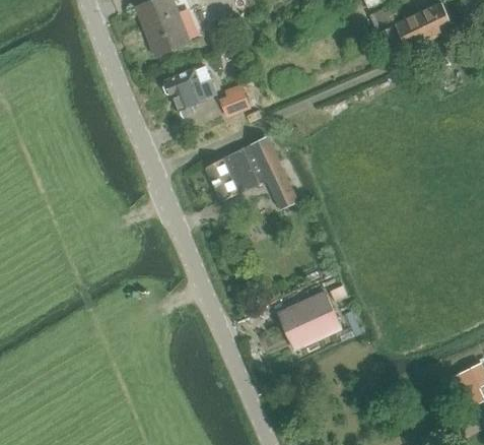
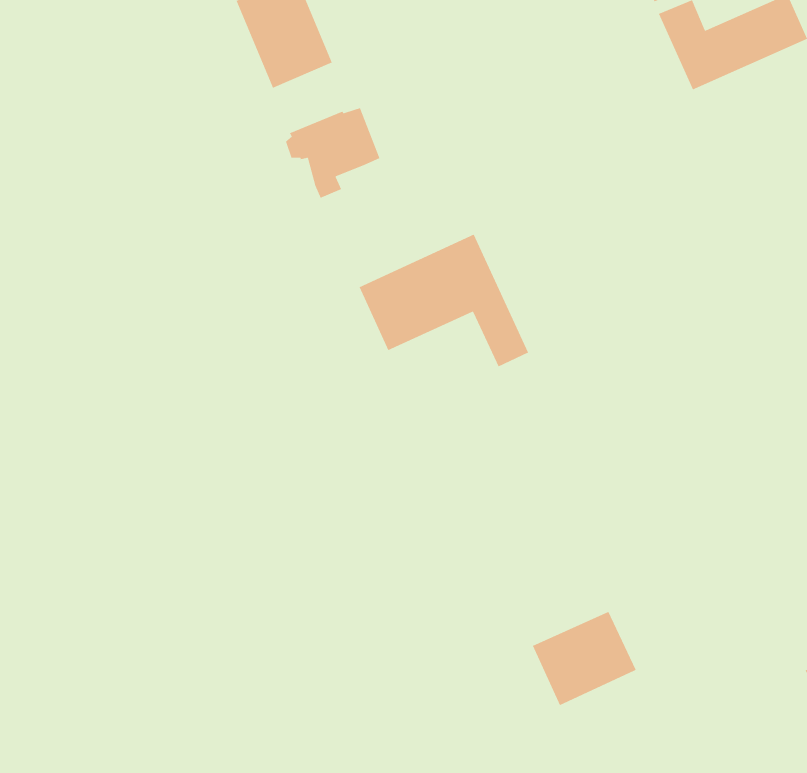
building: [218,83,250,118] -> none
building: [282,294,340,346] -> [532,611,637,706]

